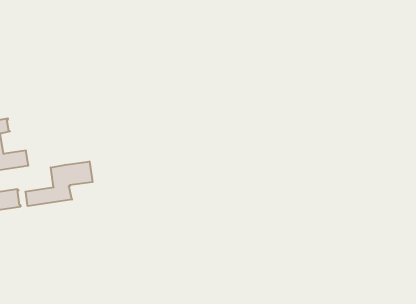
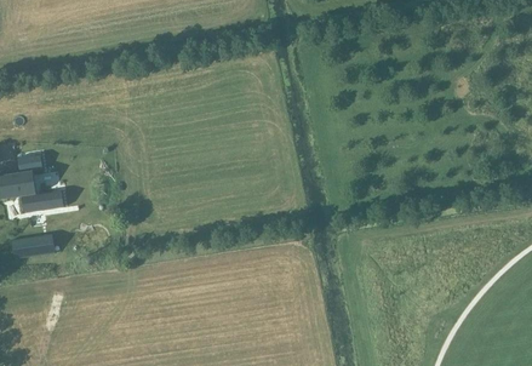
building: [25,161,93,206] -> none

